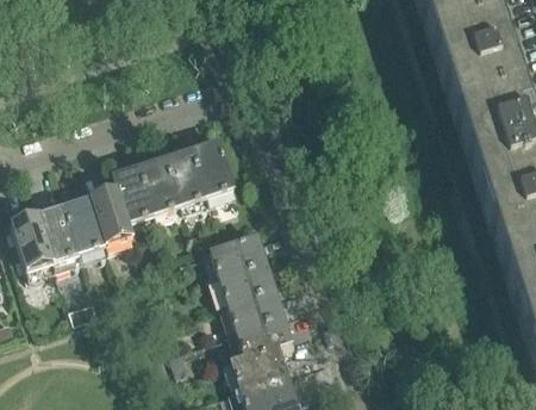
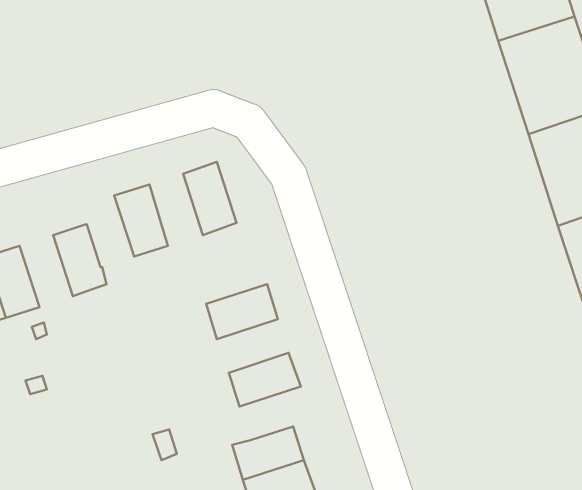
building: [168,145,210,201] -> none
building: [114,162,156,218] -> none
building: [67,193,108,249] -> none
building: [220,259,276,300] -> none
building: [238,311,294,353] -> none

